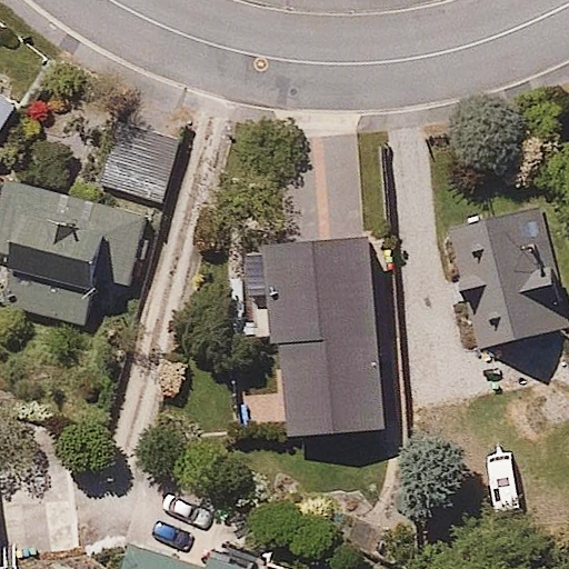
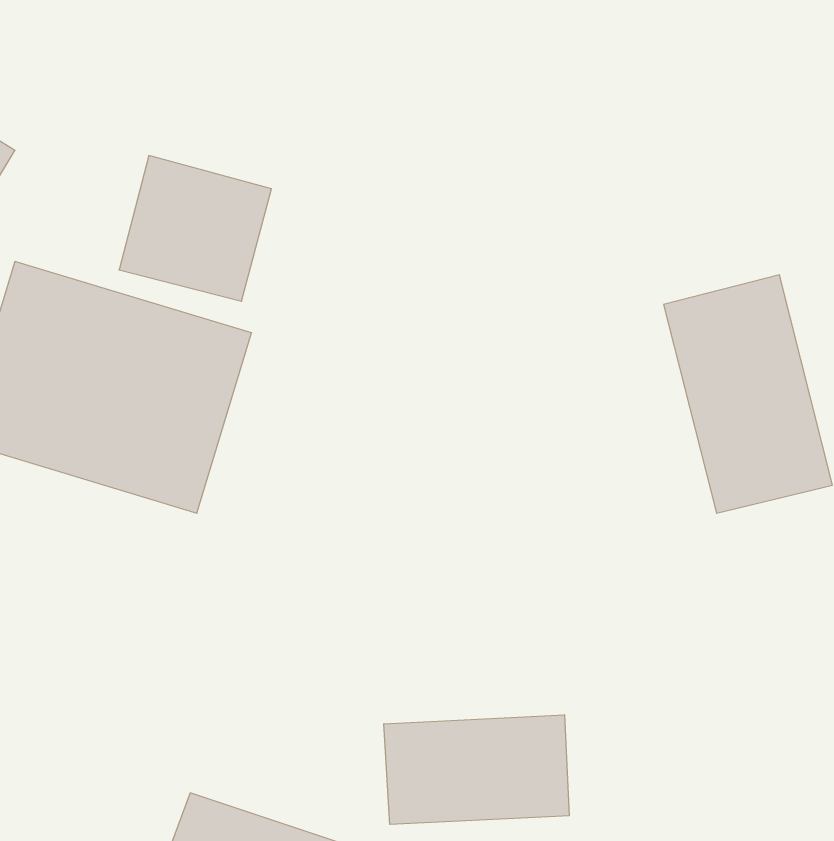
building: [232,242,398,435] -> none
building: none -> [384,715,569,824]

